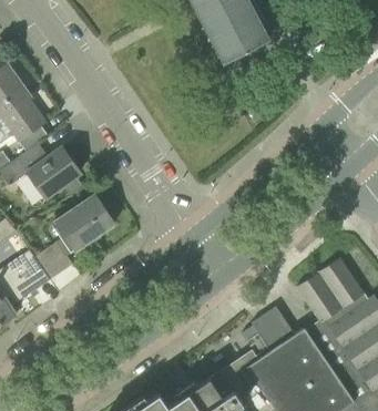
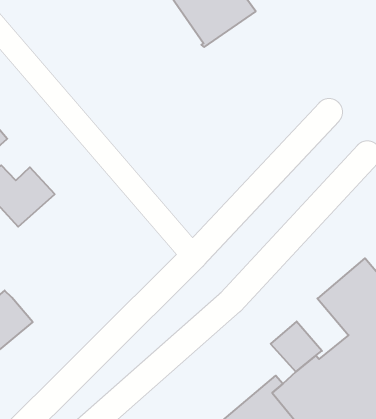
building: [34,194,115,280] -> none

